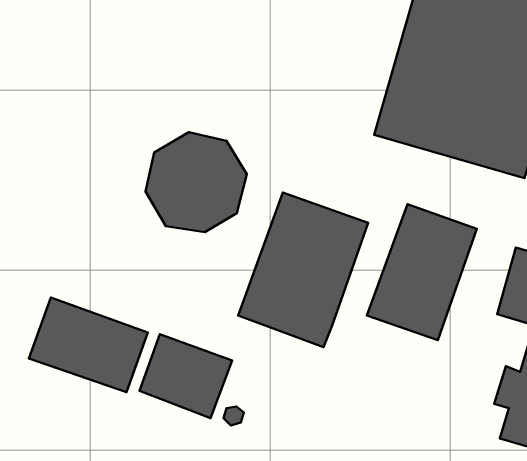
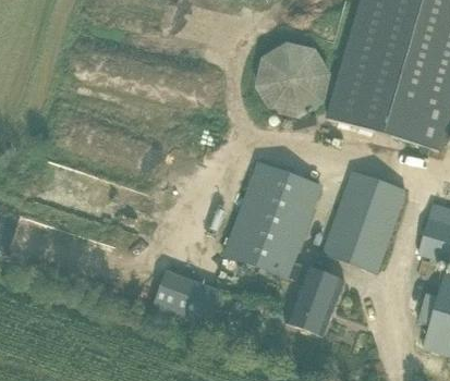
building: [146,132,247,232] -> [255,42,331,118]
building: [29,298,148,392] -> none
building: none -> [284,262,343,337]

